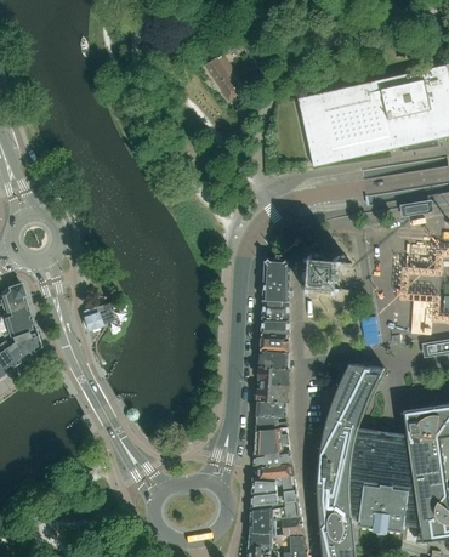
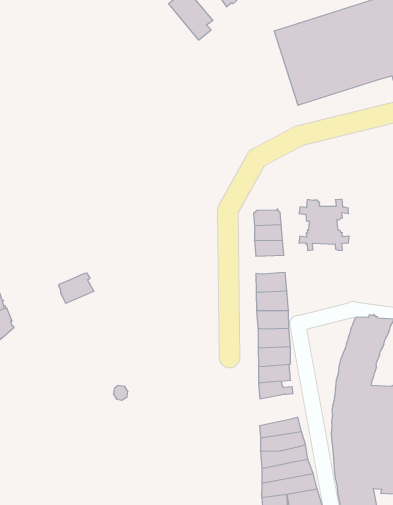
building: [254,428,289,455] -> none

